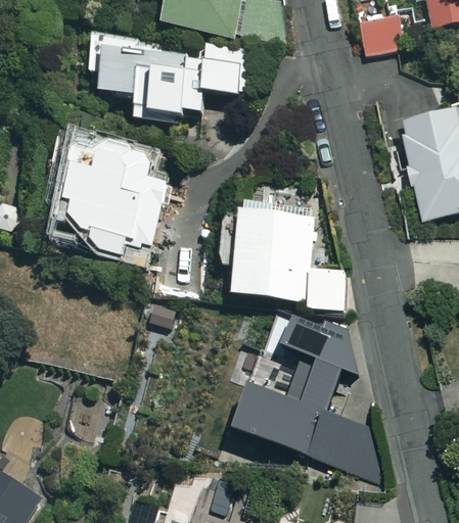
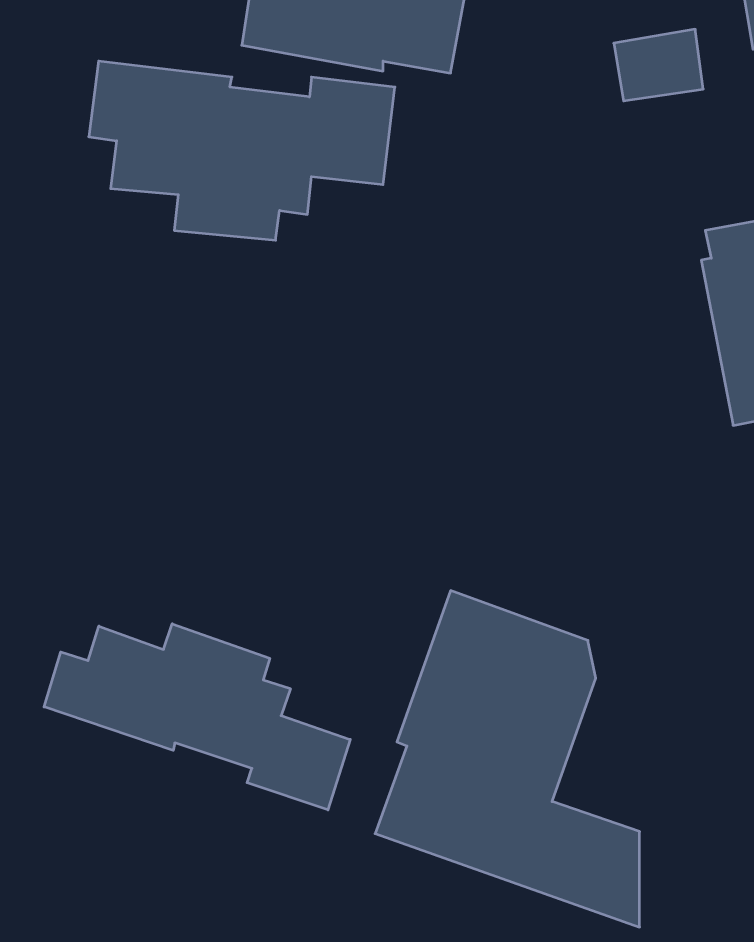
building: [71,156,164,255] -> none
building: [236,199,346,308] -> none
building: none -> [44,624,350,810]

